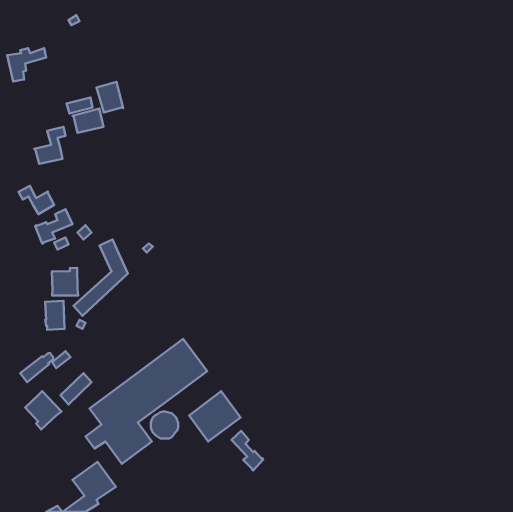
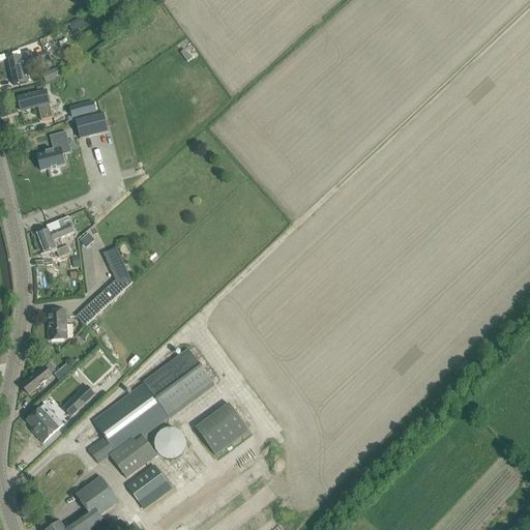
building: [96,82,123,113] -> none
building: none -> [17,85,53,119]
building: [19,186,54,214] -> none
building: [52,268,78,296] -> none
building: [232,431,263,470] -> none
building: none -> [125,464,171,508]

